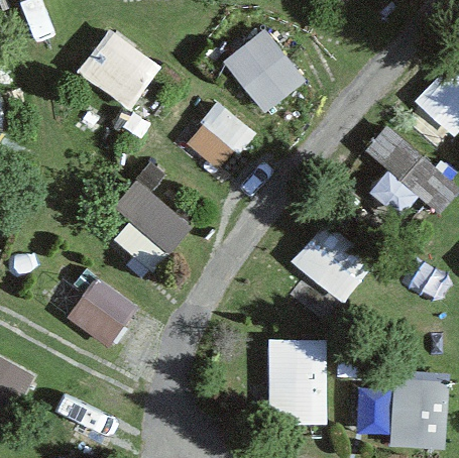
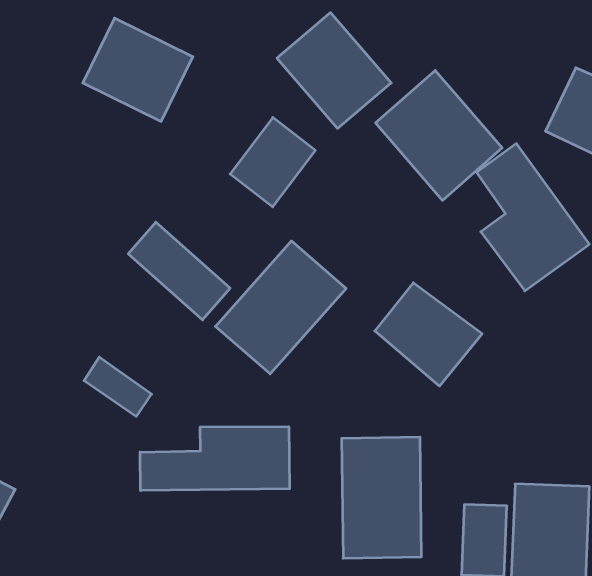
building: none -> [376,70,502,200]
building: none -> [215,241,346,374]
building: none -> [140,427,290,491]

